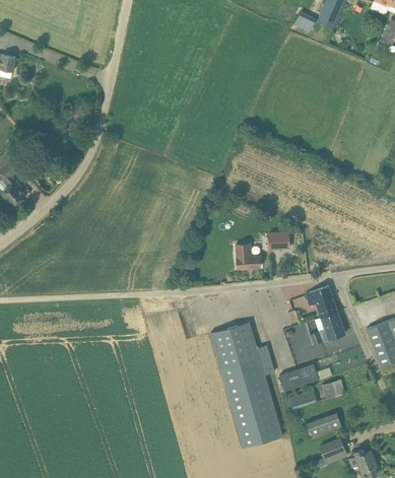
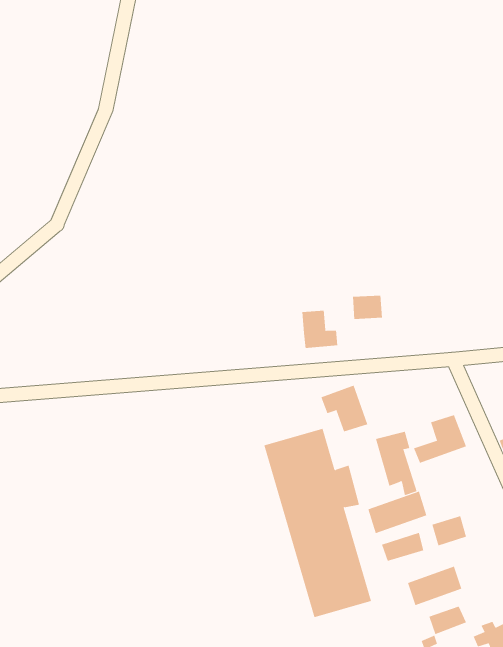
building: [306,285,337,317] -> [321,385,368,432]

